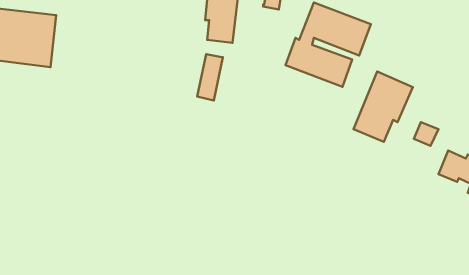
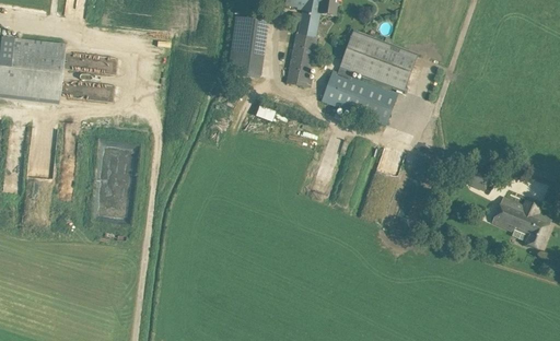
building: [197,54,223,100] -> [285,35,314,86]
building: [354,72,413,142] -> none

